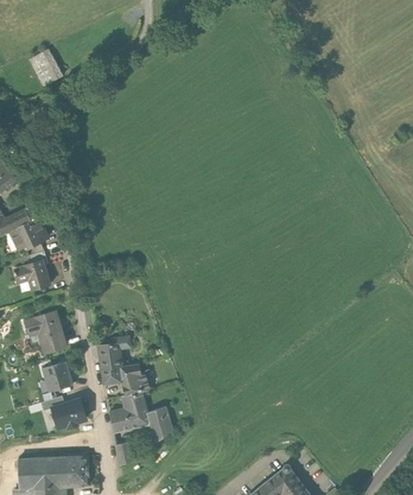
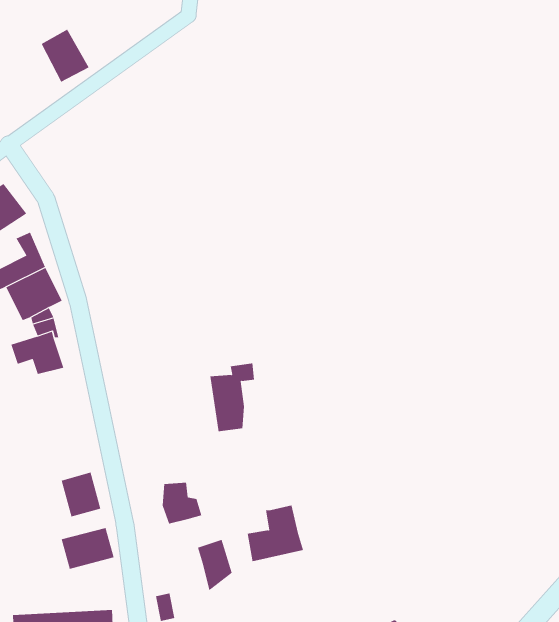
building: [24,312,65,354] -> none
building: [97,337,129,386] -> [210,363,255,432]
building: [109,393,150,433] -> [247,505,304,562]

